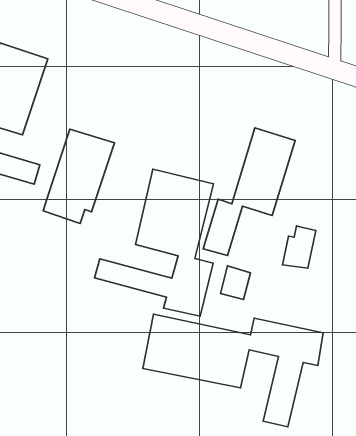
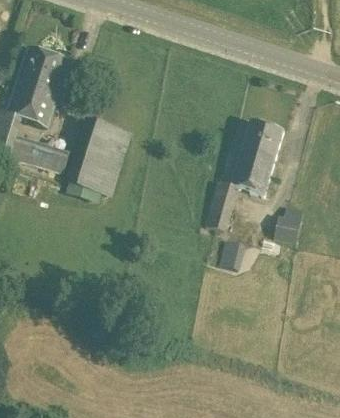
building: [94,169,214,316] -> none
building: [143,314,323,427] -> none

